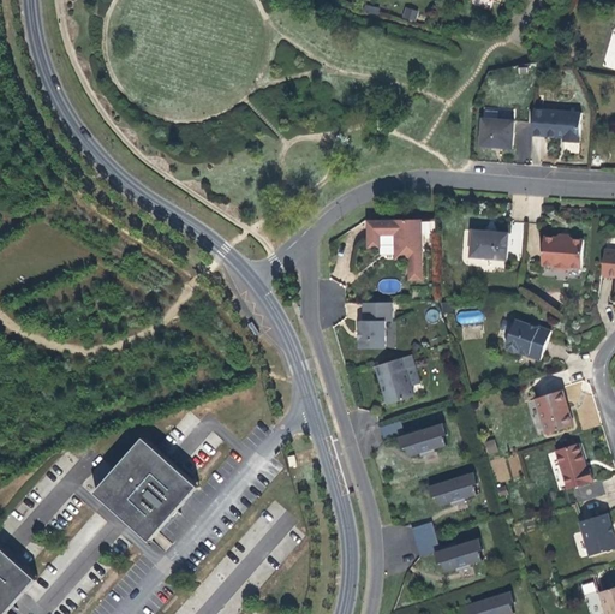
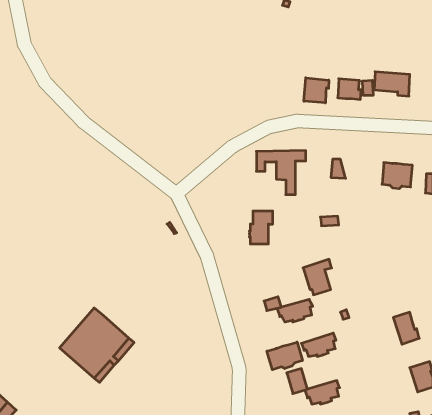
building: none -> [304,78,329,103]
building: [483,231,508,258] -> none
building: [506,320,550,360] -> none
building: [374,354,413,404] -> [303,259,332,295]
building: [535,389,573,434] -> none
building: none -> [267,342,302,370]

